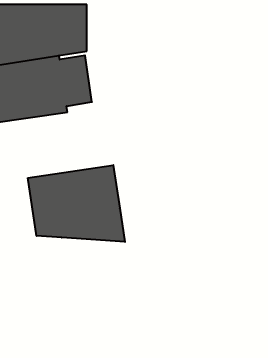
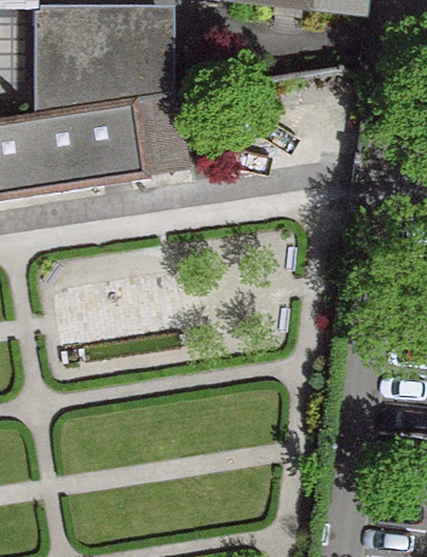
building: [28,165,125,242] -> none

